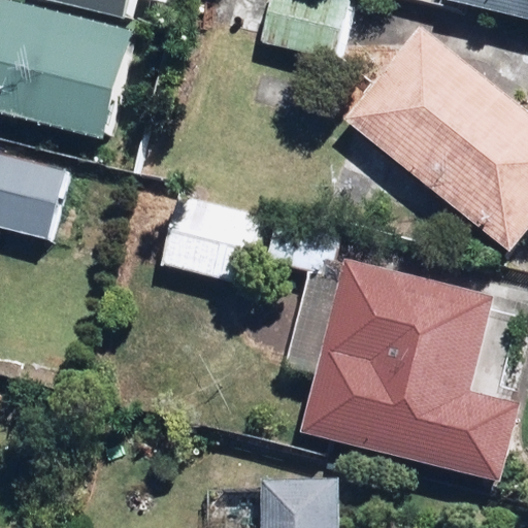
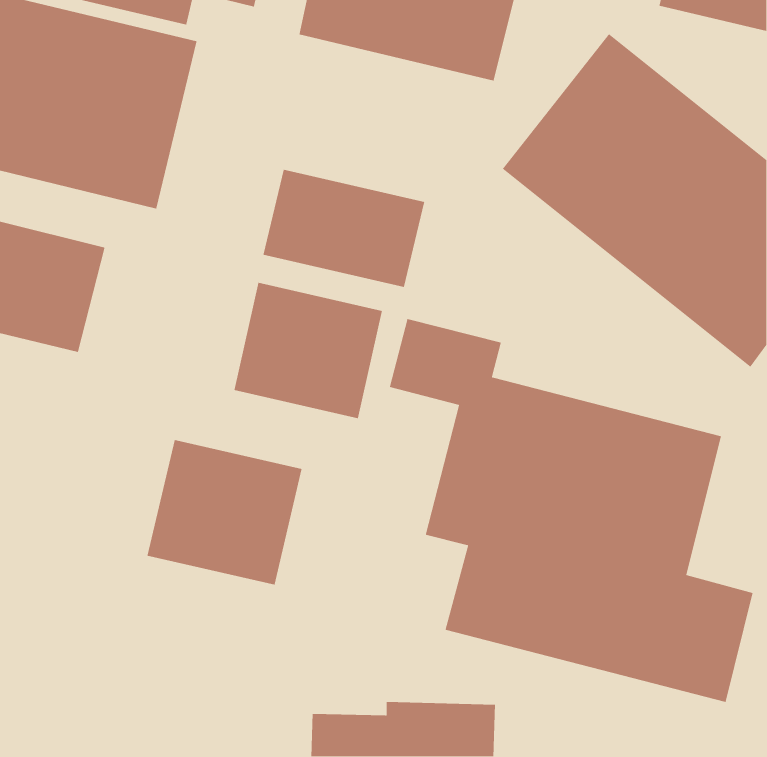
building: none -> [262,169,425,288]
building: none -> [147,439,303,586]

